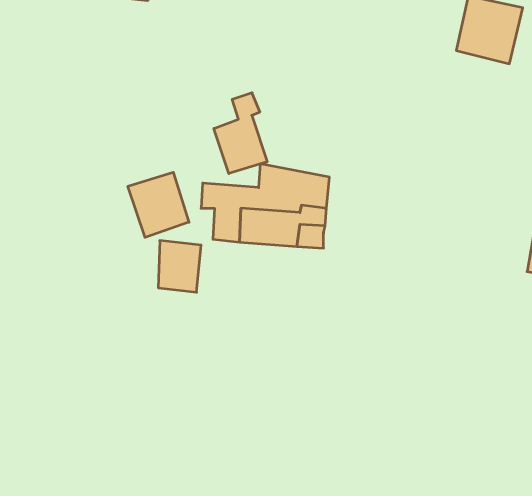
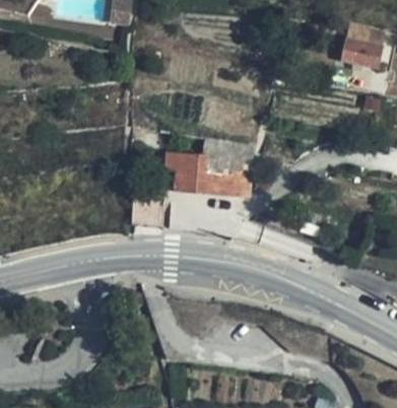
building: [214,93,267,174] -> none
building: [128,172,189,237] -> none

